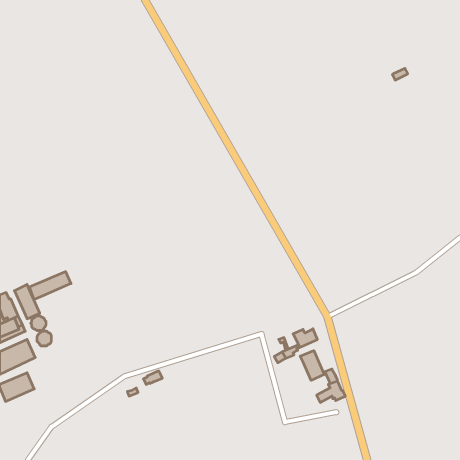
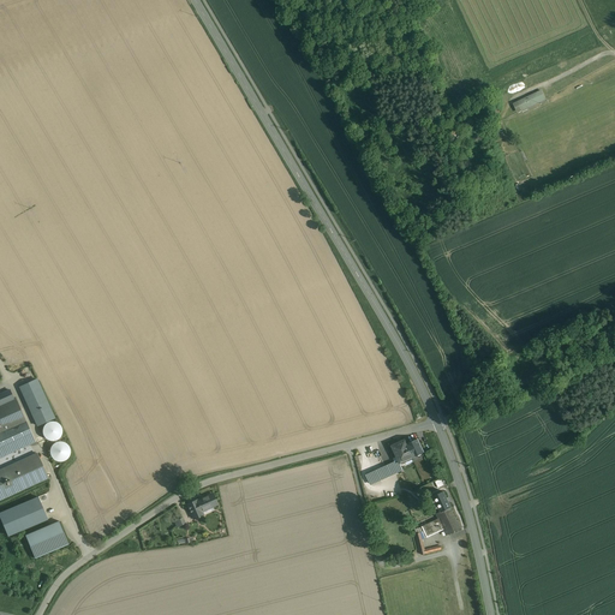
building: [30,272,71,300] -> none
building: [300,351,324,380] -> none
building: none -> [24,521,67,557]

